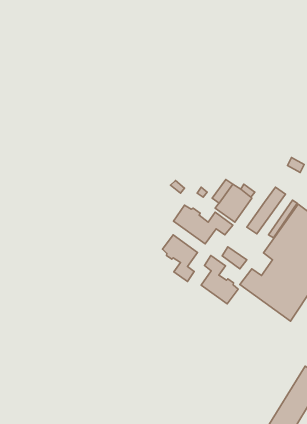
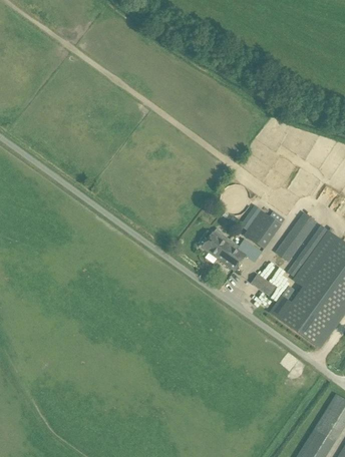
building: [162,235,198,282] -> none
building: [201,255,238,304] -> none

